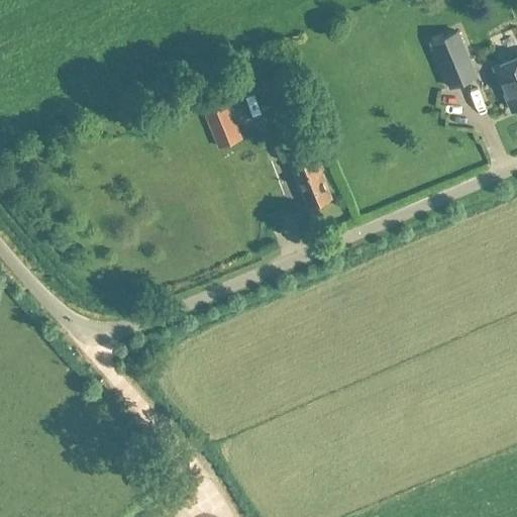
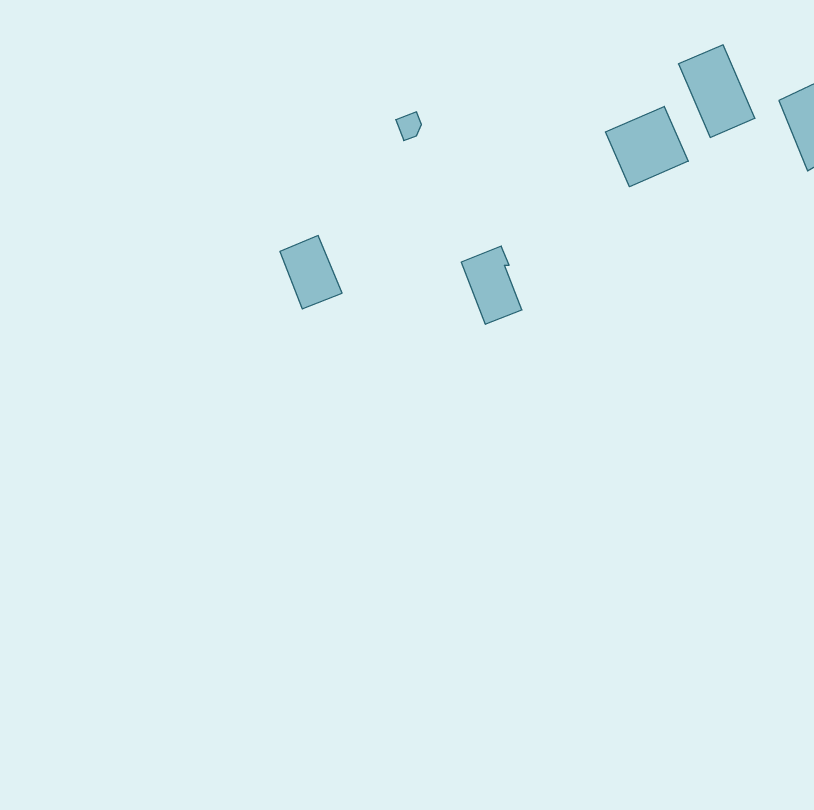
building: none -> [606,106,688,187]
building: [204,105,243,151] -> [280,236,342,309]

